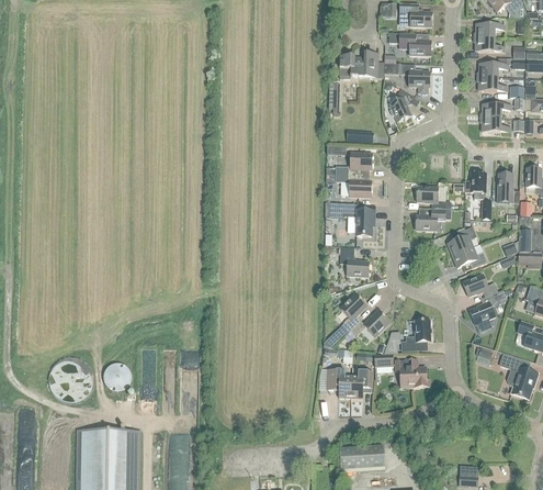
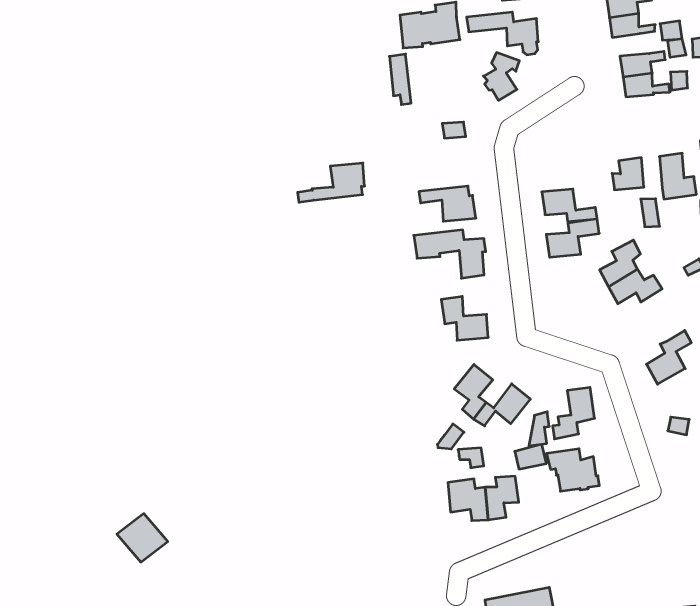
building: [326,153,372,175] -> [298,163,365,202]
building: [463,274,498,297] -> none

